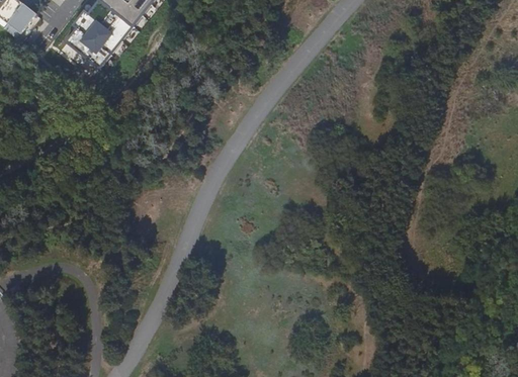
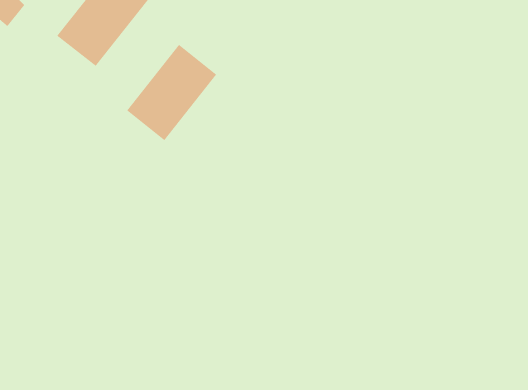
building: none -> [126,44,217,141]

